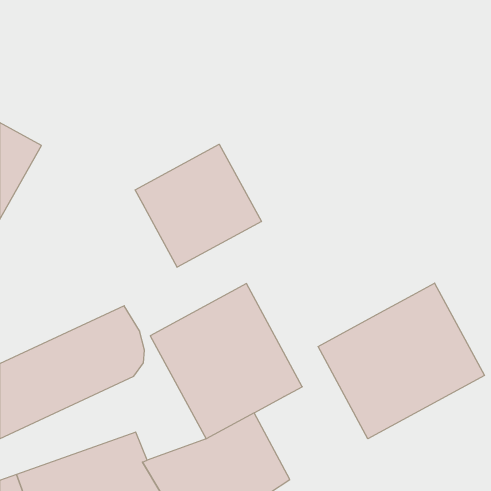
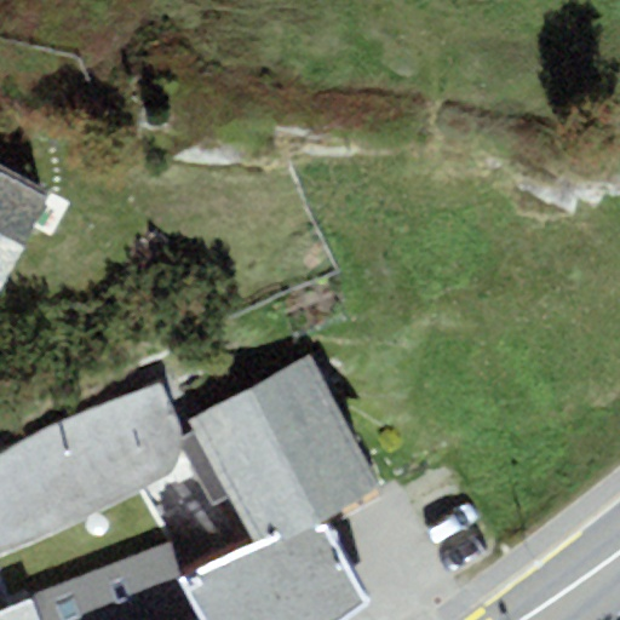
building: [135,144,261,267] -> none
building: [318,283,484,439] -> none

